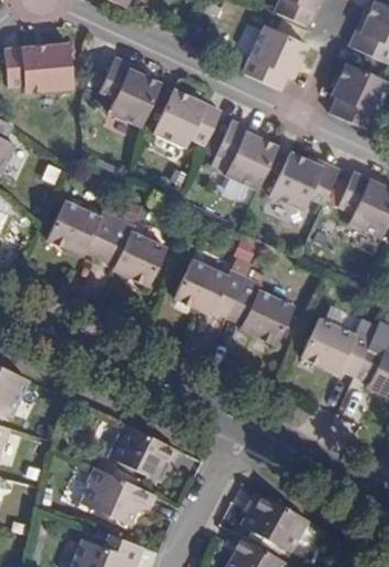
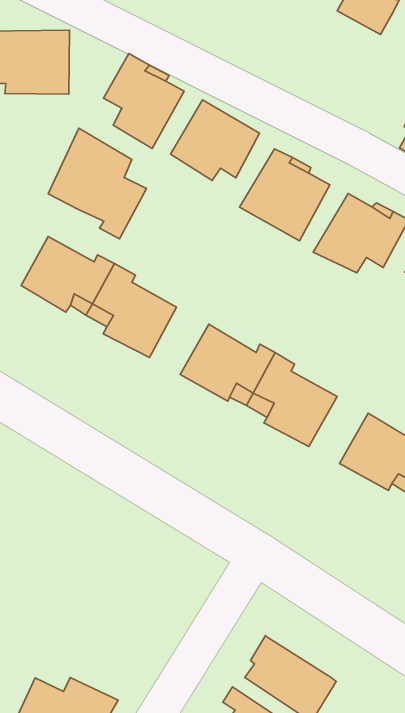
building: [240,27,307,91] -> none
building: none -> [48,128,147,239]
building: [108,425,180,482] -> none
building: [80,468,156,526] -> none

